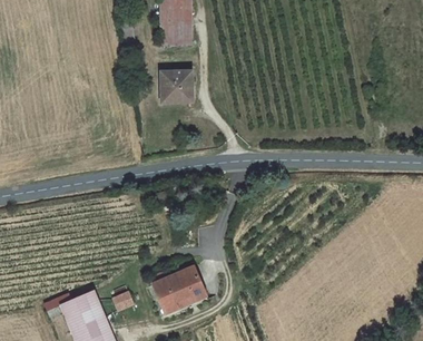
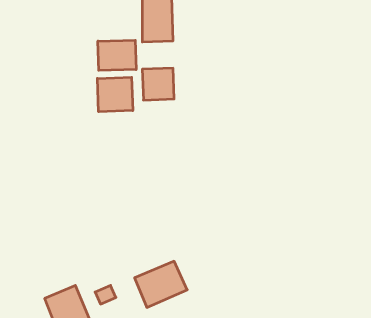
building: none -> [98,40,136,70]
building: none -> [97,77,133,112]

